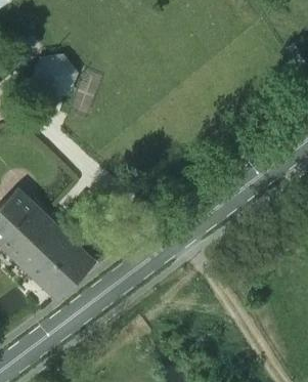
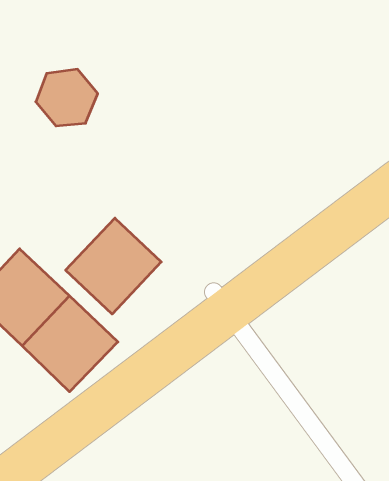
building: none -> [66,218,161,314]

